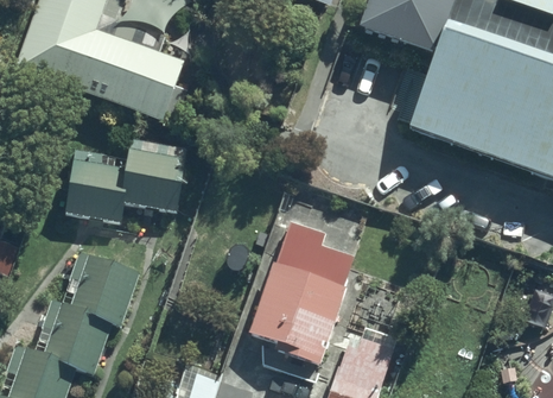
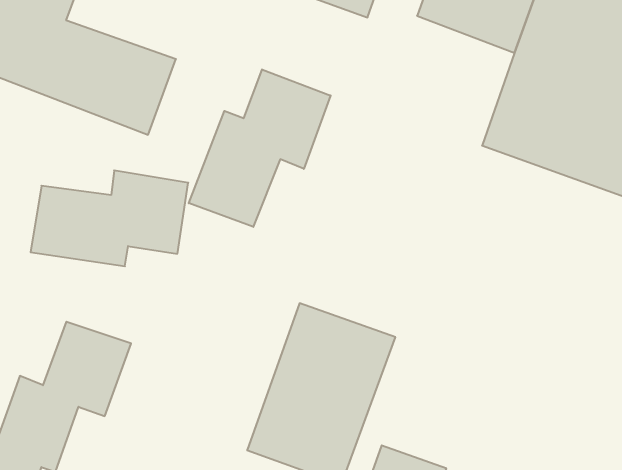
building: none -> [189,69,331,227]

